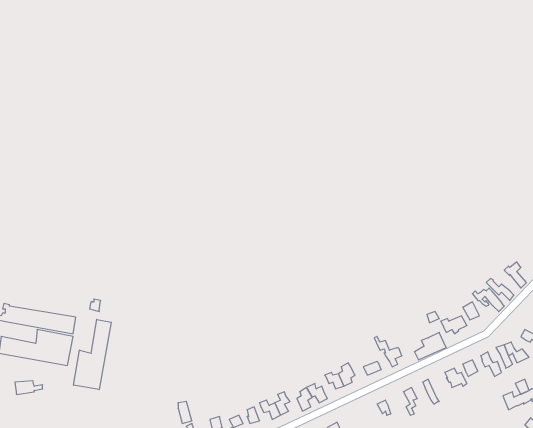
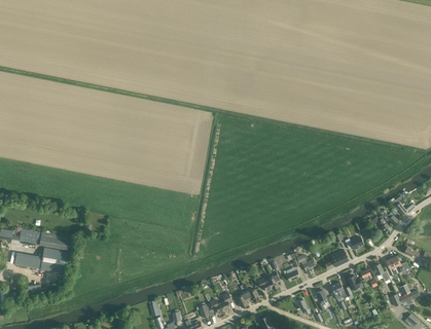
building: [74,319,111,390] -> none

